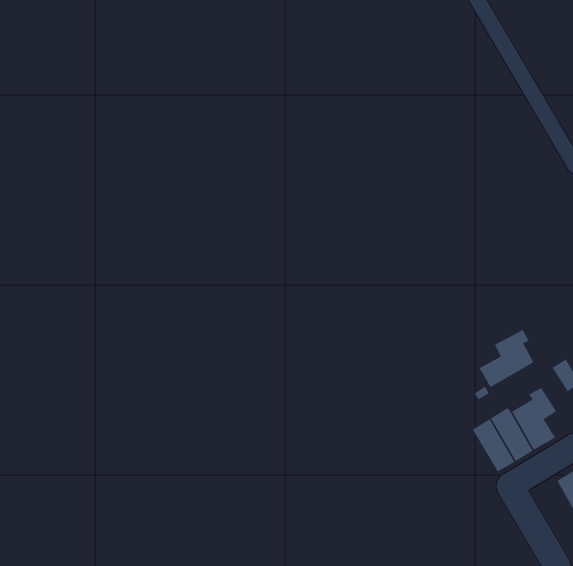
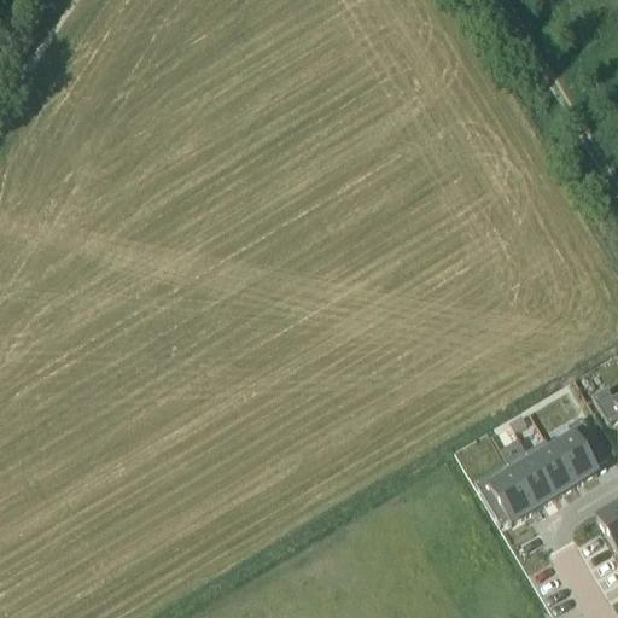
building: [479,329,534,388] -> none
building: none -> [476,460,536,521]

